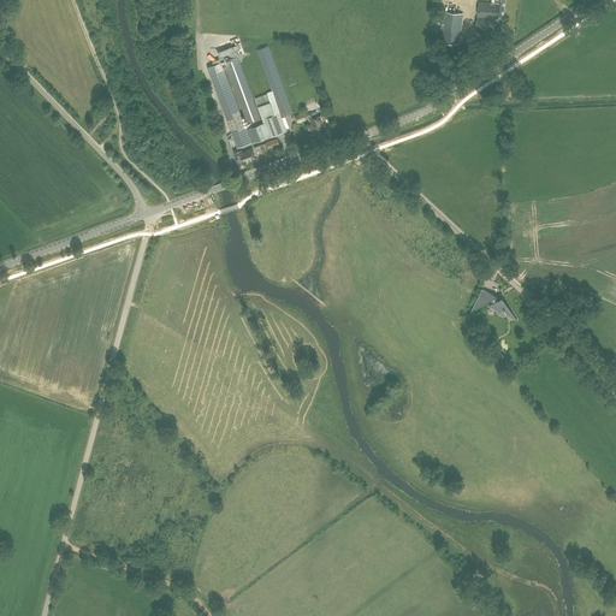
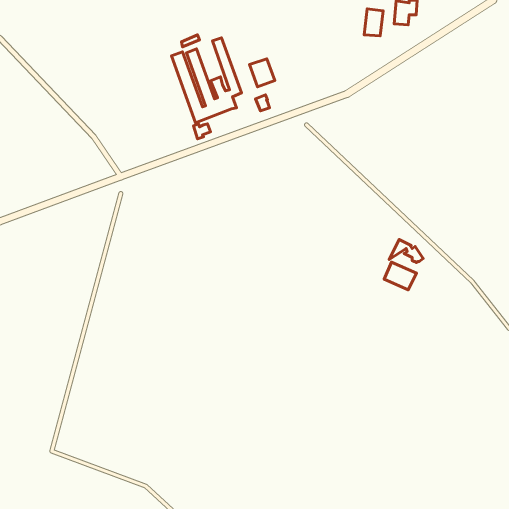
building: none -> [249,59,275,87]
building: none -> [384,262,416,290]

